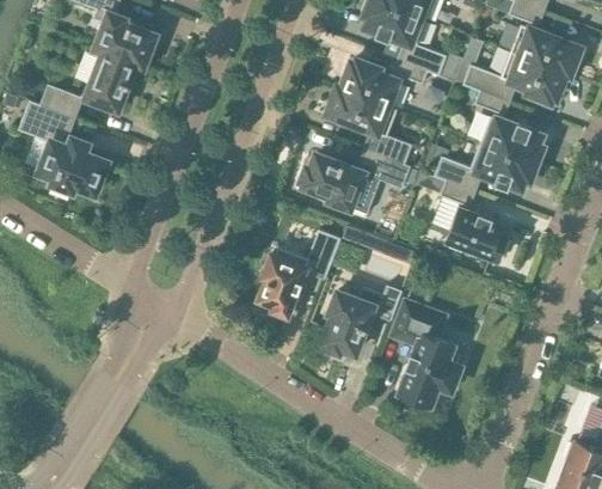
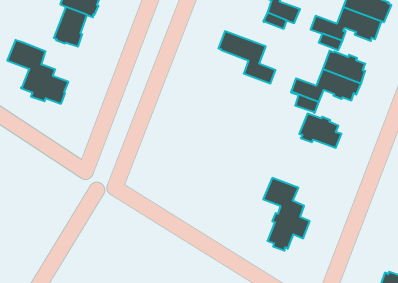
building: [337,60,398,110] -> none
building: [41,84,82,117] -> none
building: [301,149,410,214] -> none
building: [258,230,340,316] -> none
building: [324,285,403,353] -> none

